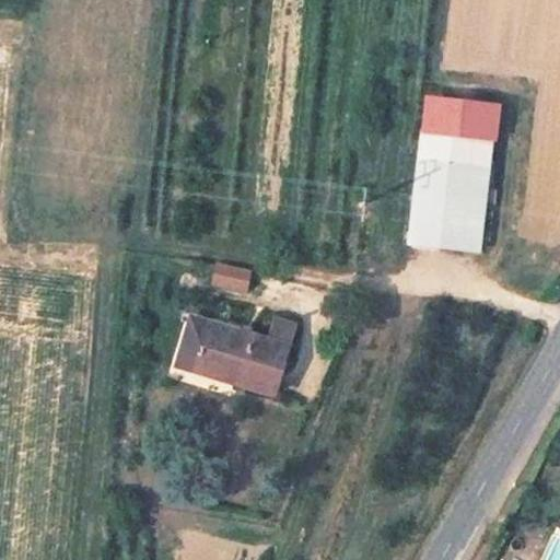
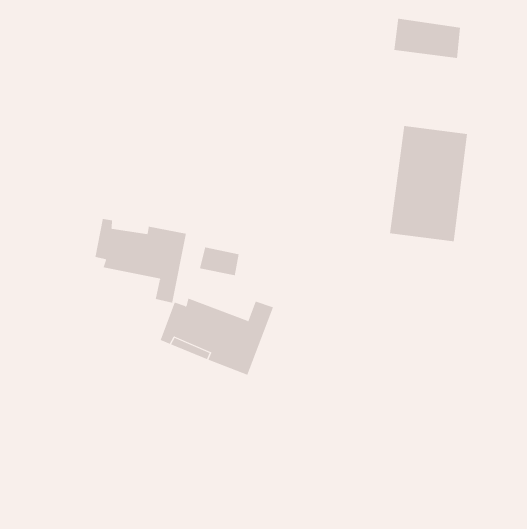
building: [425,98,497,141] -> [393,18,461,58]
building: none -> [95,218,187,304]

